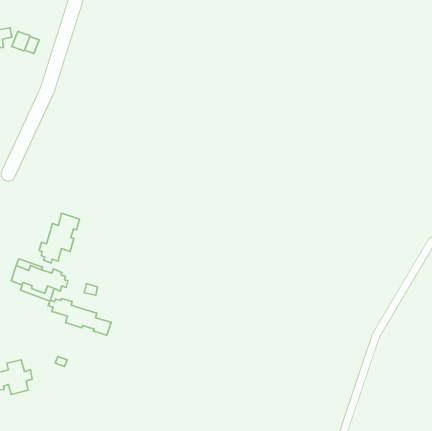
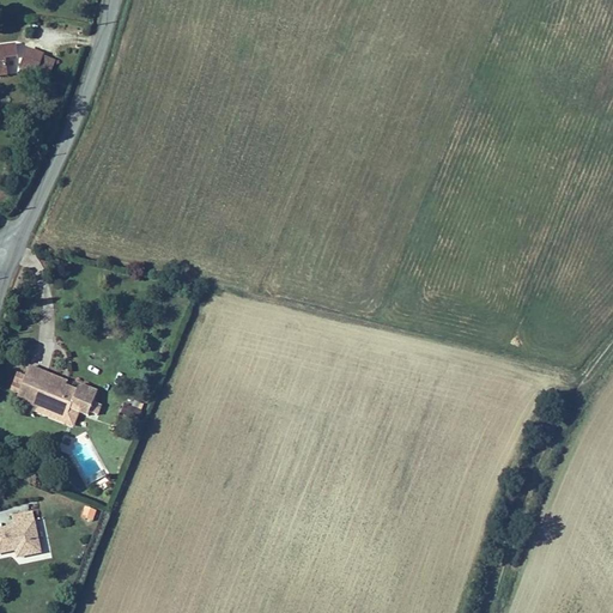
building: [39,213,79,263] -> none
building: [48,298,111,335] -> none

